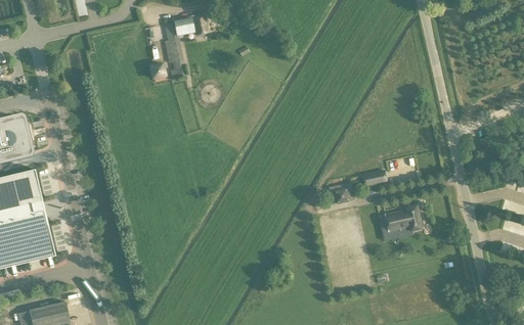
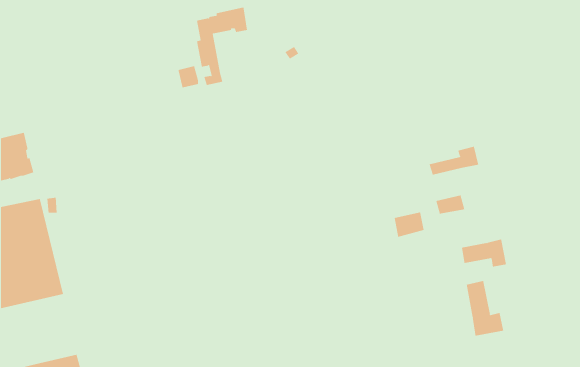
building: none -> [429,146,479,176]
building: none -> [466,280,504,337]

